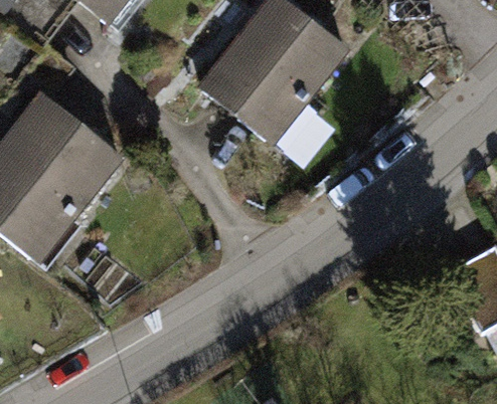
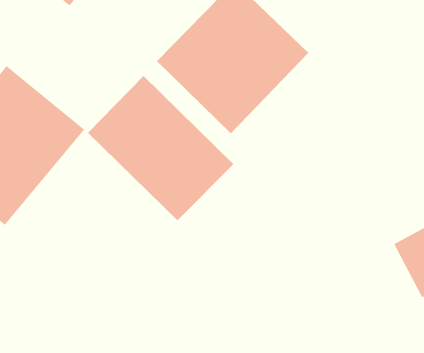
building: none -> [87,75,234,221]

